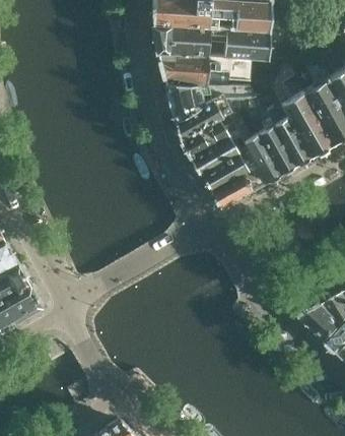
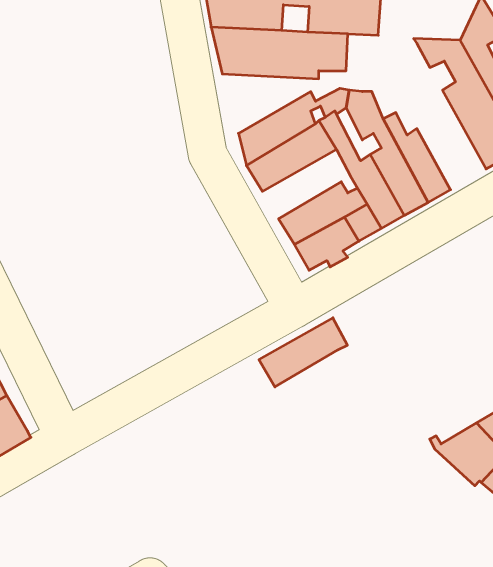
building: [276,64,333,157] -> none
building: [166,83,255,121] -> none
building: [192,131,248,175] -> [259,318,347,387]

